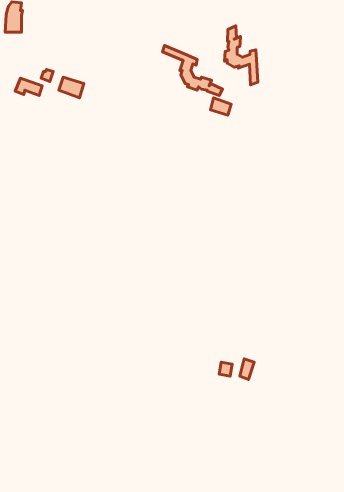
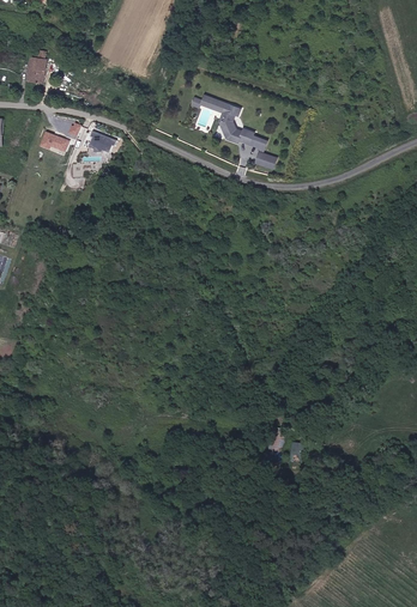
building: [225,26,258,85] -> none

